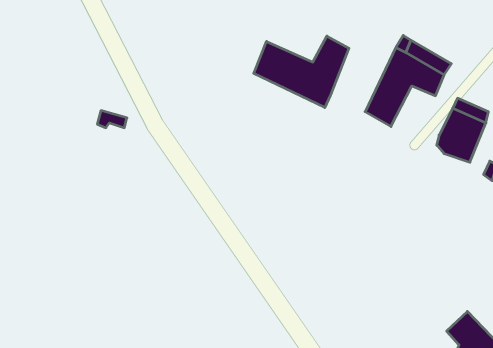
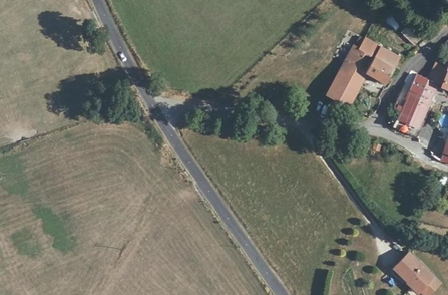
building: [254,36,349,108] -> none

